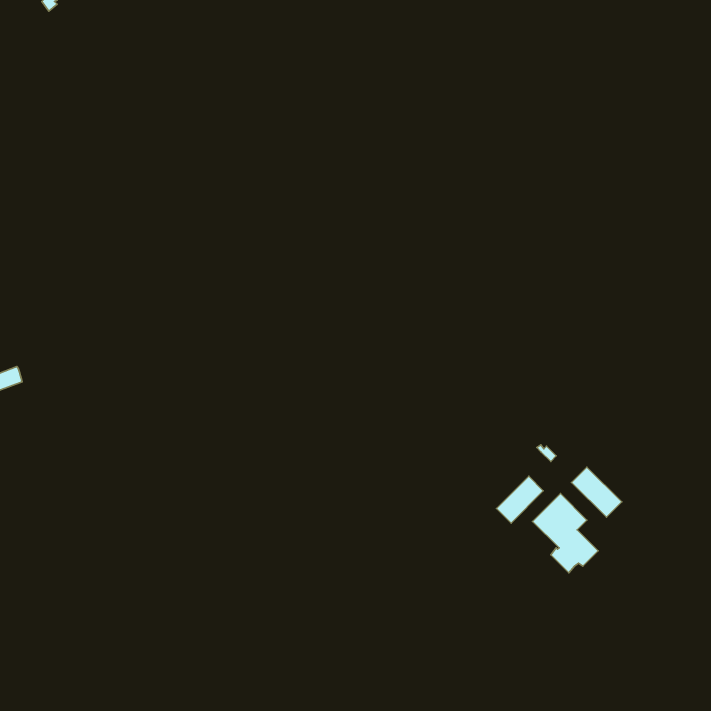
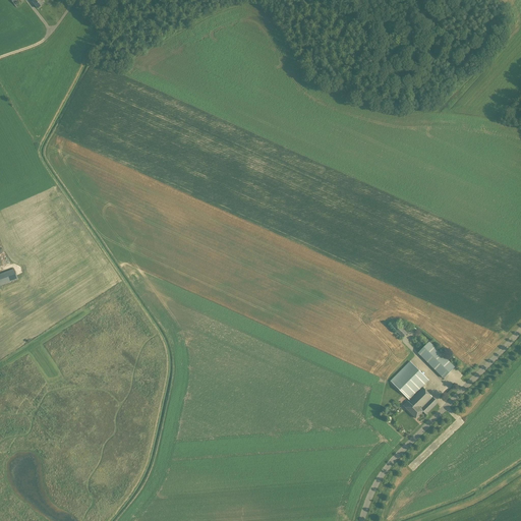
building: [497,476,543,523] -> none

